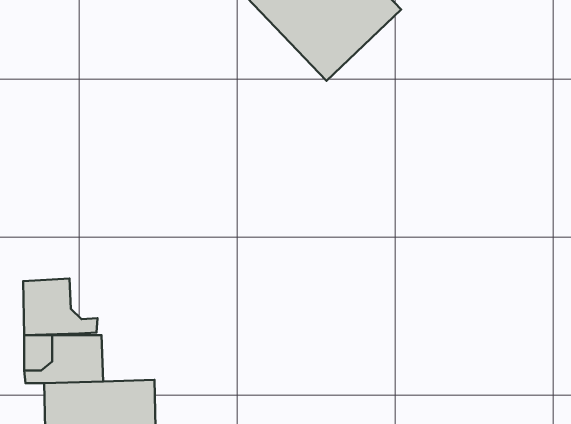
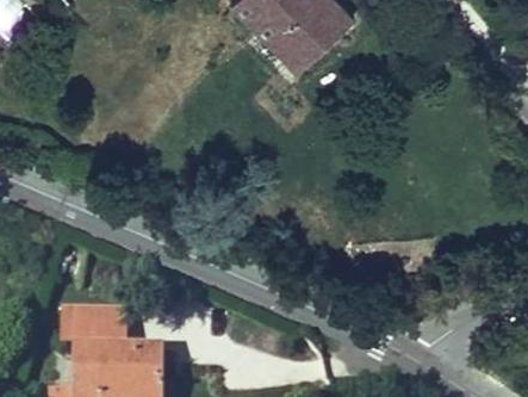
building: [23,279,97,335] -> none

